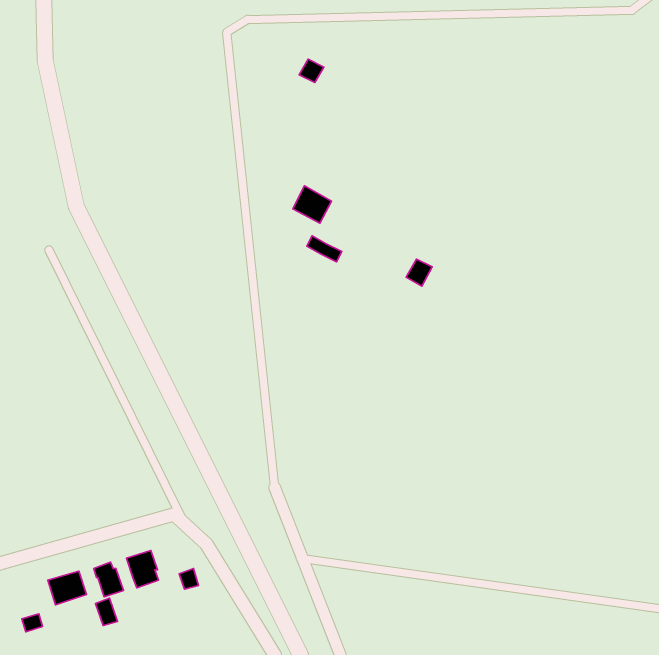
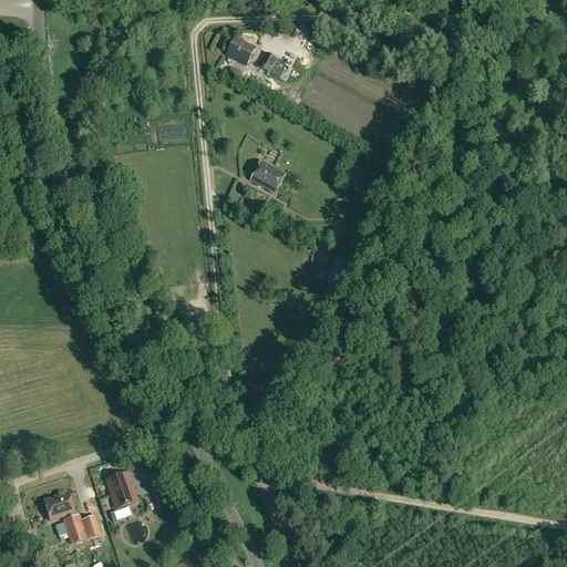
building: none -> [226,35,256,63]
building: [94,562,123,597] -> [63,513,89,543]

